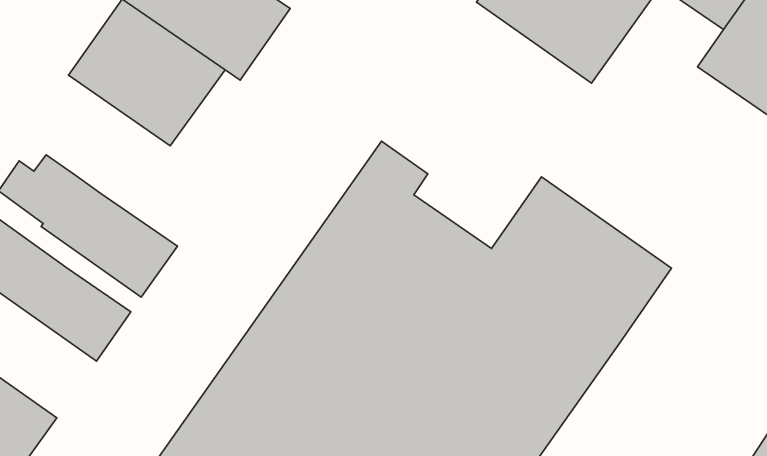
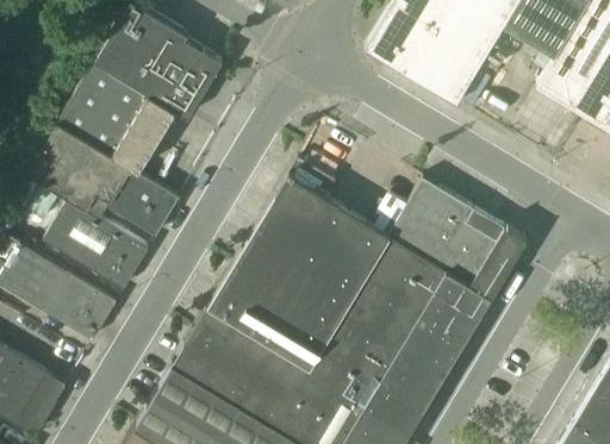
building: none -> [26,124,180,236]

